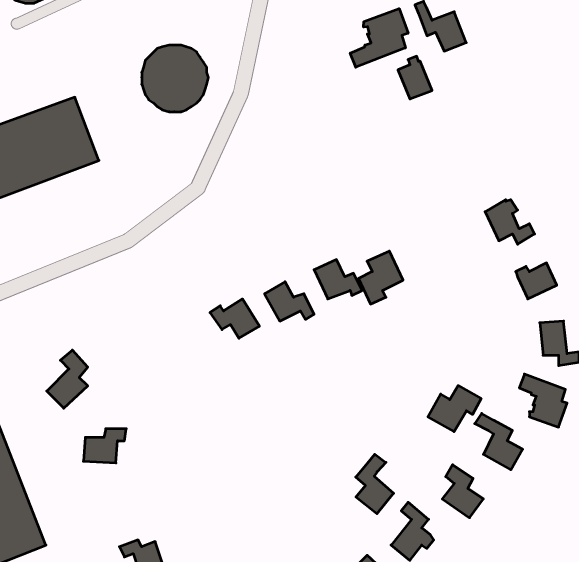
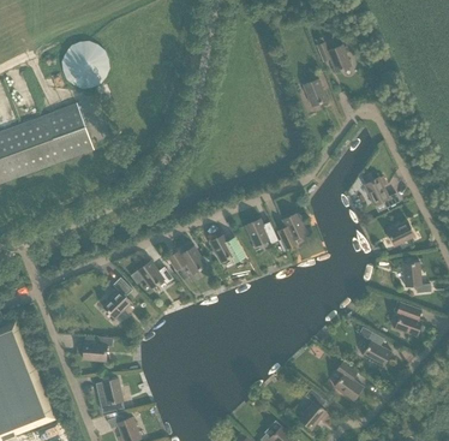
building: [350,9,408,67] -> none
building: [142,45,208,112] -> [62,41,109,88]
building: none -> [136,260,172,288]
building: [47,350,88,408] -> [102,276,131,317]
building: [428,386,481,432] -> none
building: [356,454,394,514] -> none
building: none -> [98,377,122,412]

